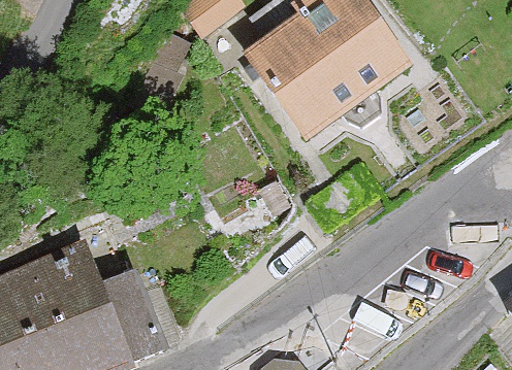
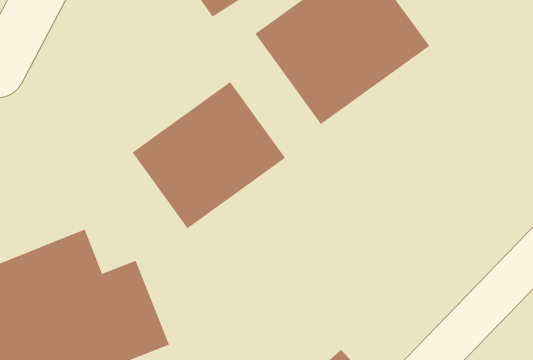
building: none -> [132,81,286,229]

